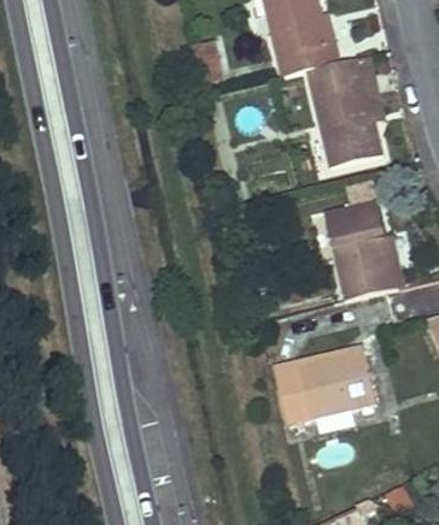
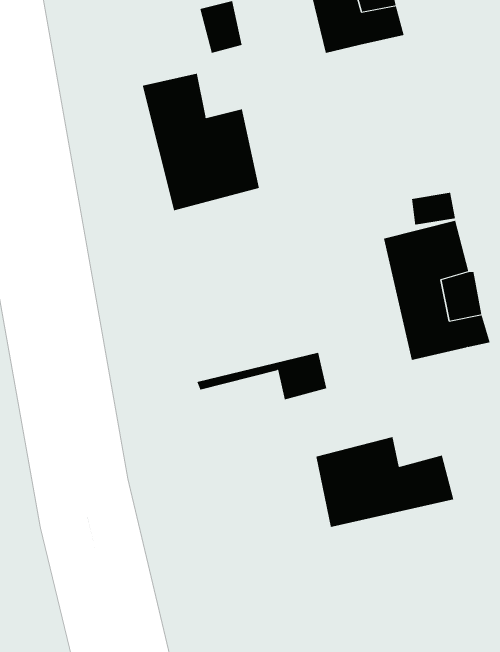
building: [306,57,384,167] -> none
building: none -> [142,73,259,211]
building: [271,343,367,378] -> [197,352,327,400]

